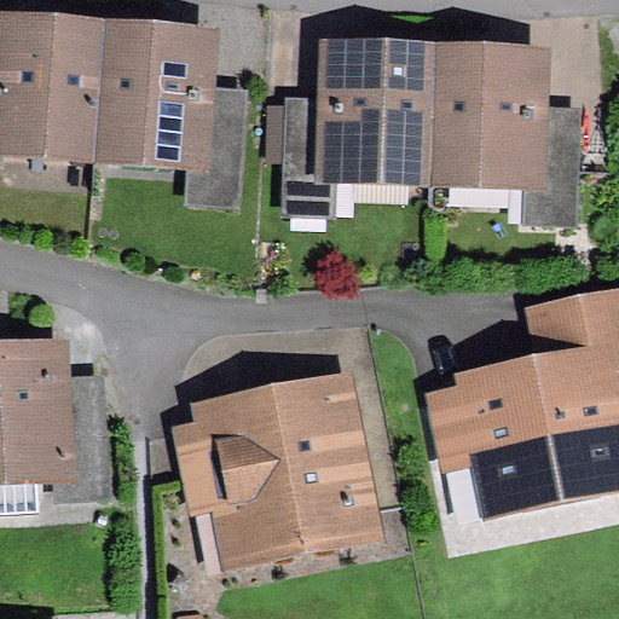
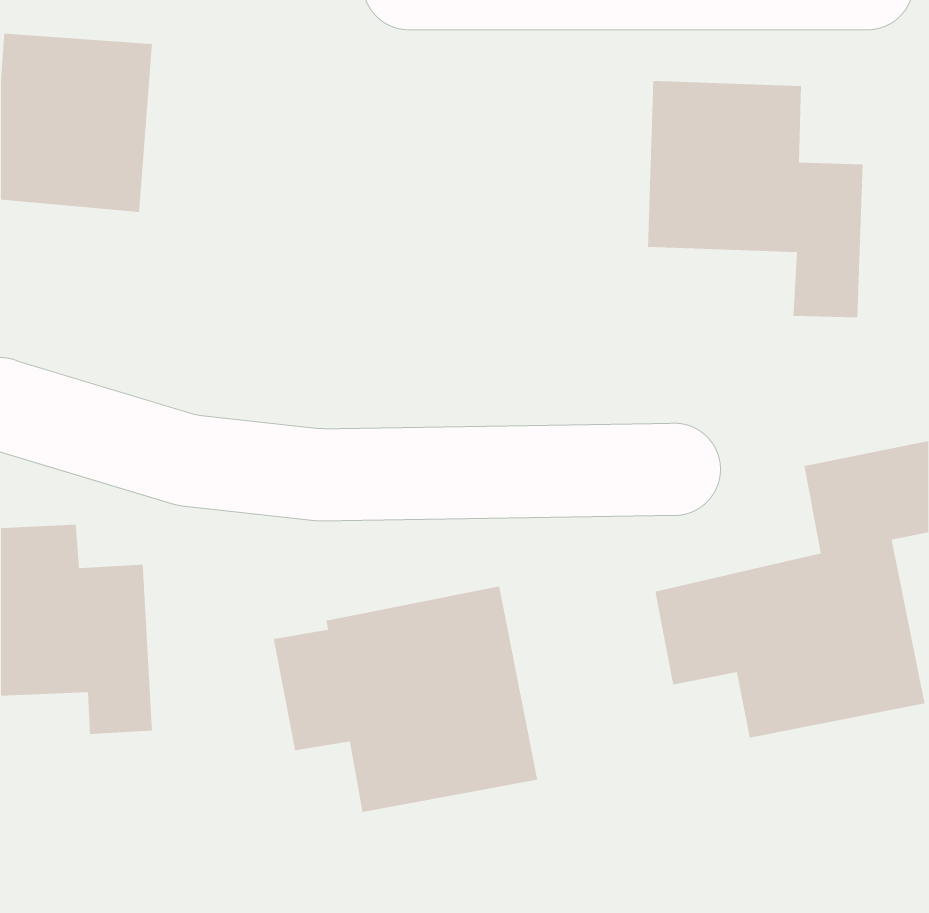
building: [93,29,241,193] -> none
building: [287,50,434,203] -> none

